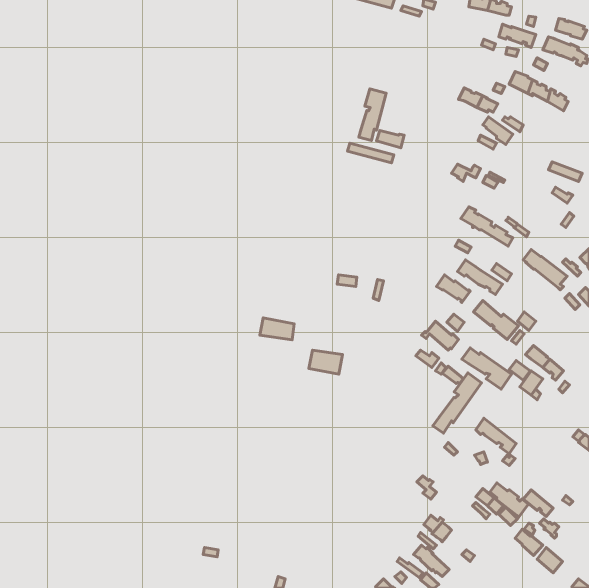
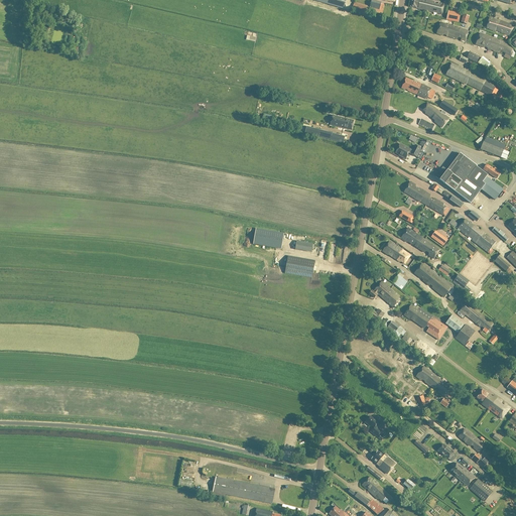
building: [359,89,386,140] -> none
building: none -> [438,152,486,202]
building: [260,318,294,340] -> [252,228,282,247]
building: [309,350,342,374] -> [284,255,313,276]
building: [433,373,481,433] -> none
building: [490,483,528,517] -> [476,388,509,418]
building: none -> [212,476,273,502]

